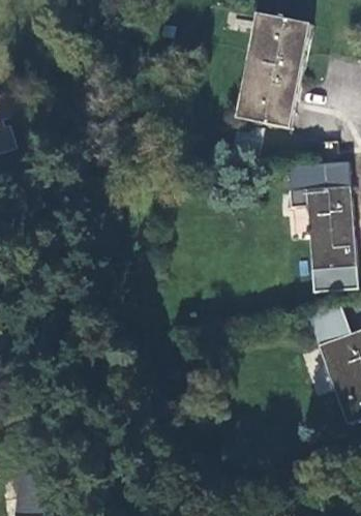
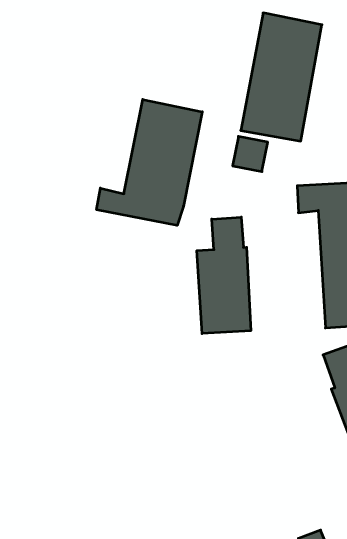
building: none -> [97,99,202,225]
building: none -> [197,217,251,334]

